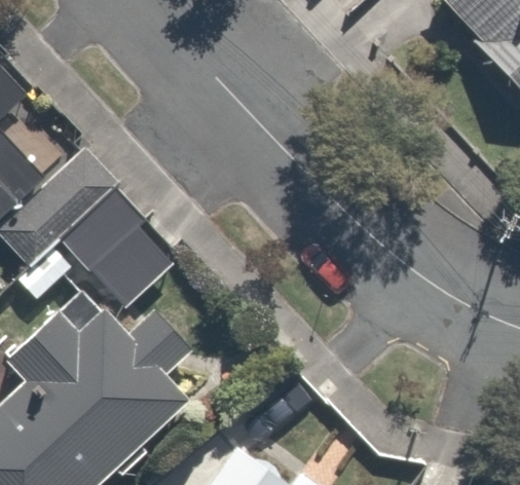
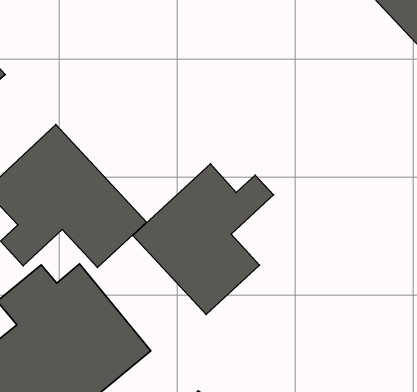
building: none -> [133,164,274,315]

